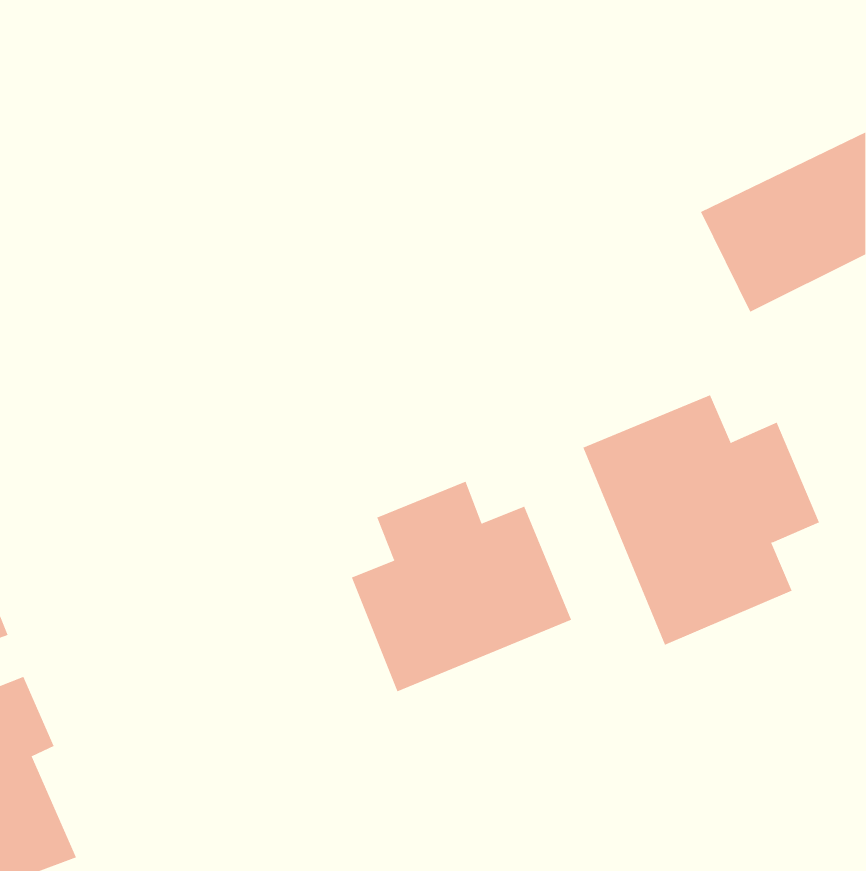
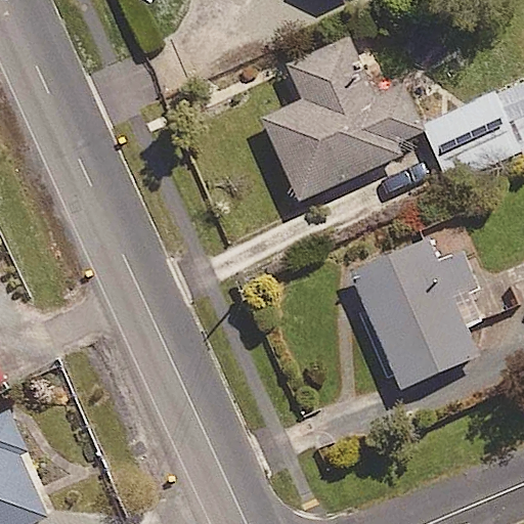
building: none -> [261,37,426,200]
building: [351,481,572,692] -> none

